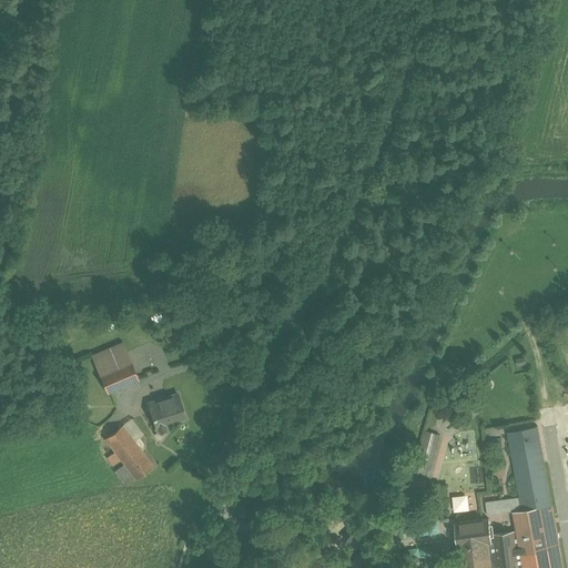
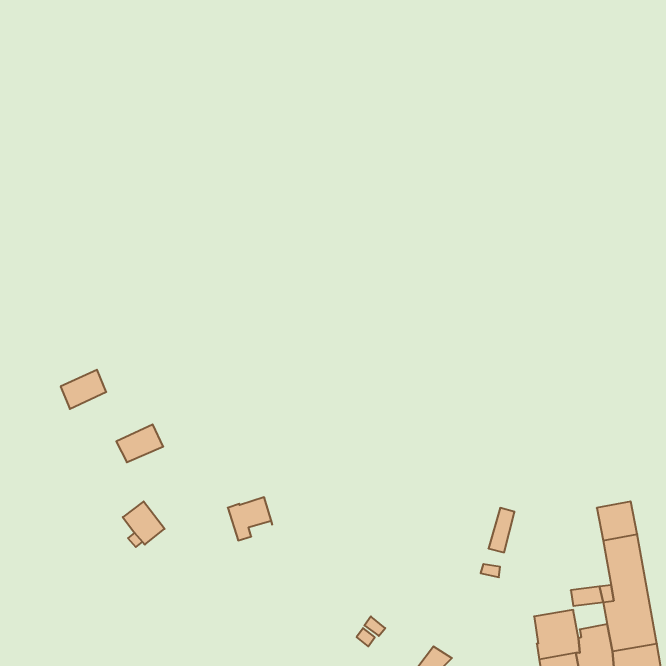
building: [91,343,130,376] -> [61,370,106,409]
building: [148,396,185,433] -> [228,497,272,540]
building: [123,450,153,480] -> none

